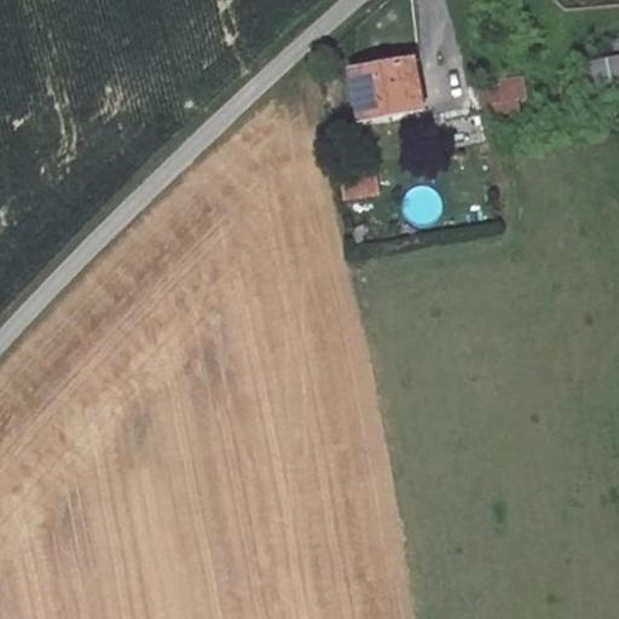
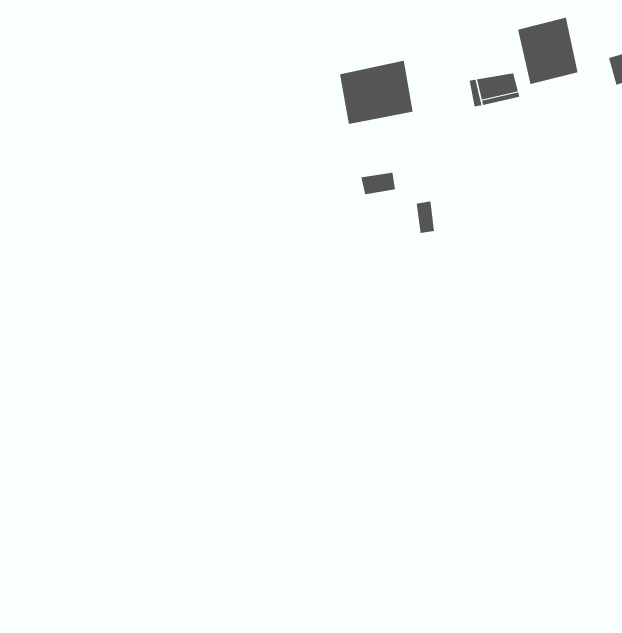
building: none -> [517,17,578,85]

